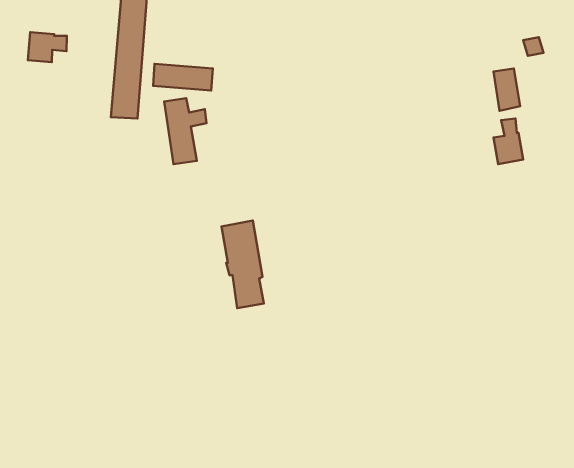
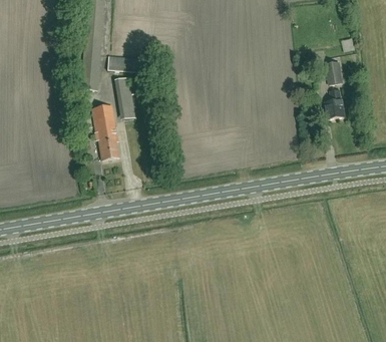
building: [28,32,67,62] -> none
building: [222,220,264,308] -> [91,104,118,160]

